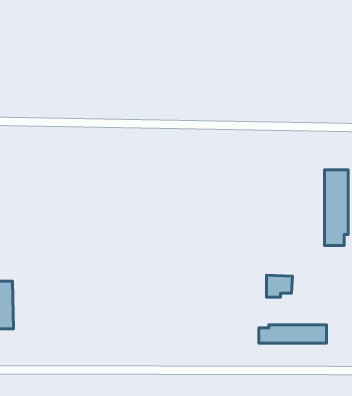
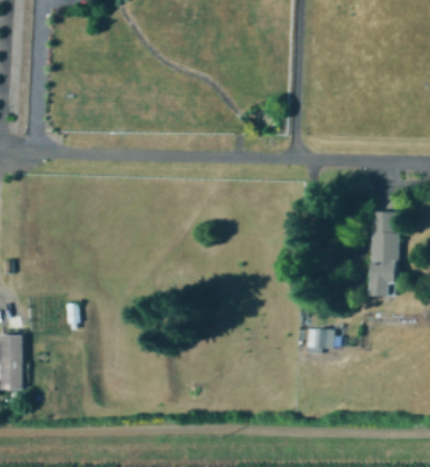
building: [259,325,326,343] -> none

